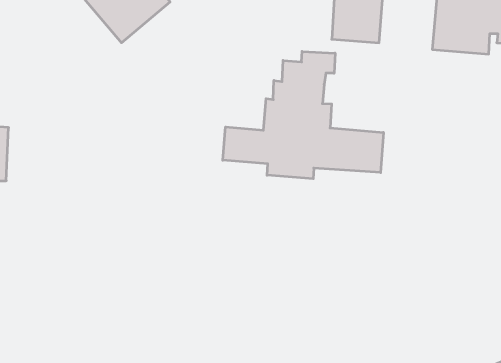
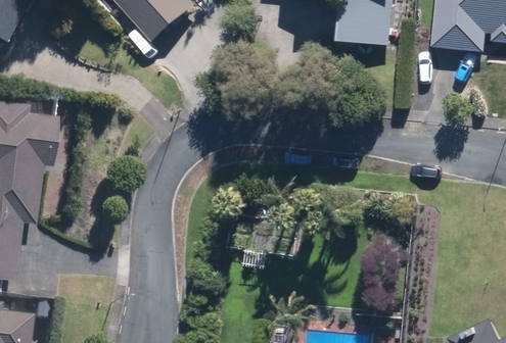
building: [223,51,383,179] -> none

